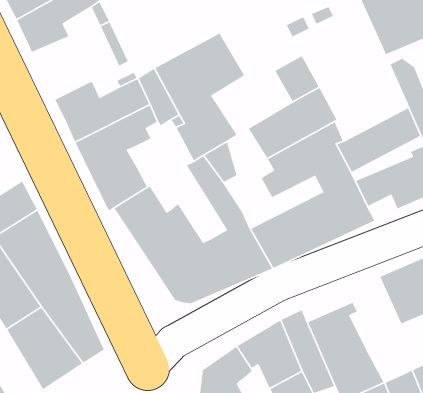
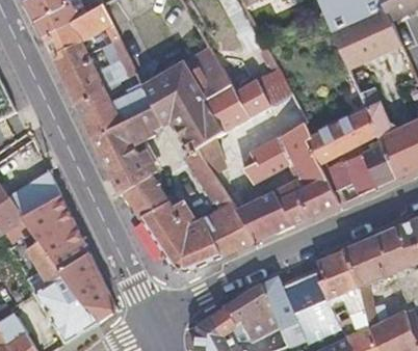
building: none -> [56,52,106,104]
building: none -> [205,80,270,133]
building: none -> [316,249,366,317]

